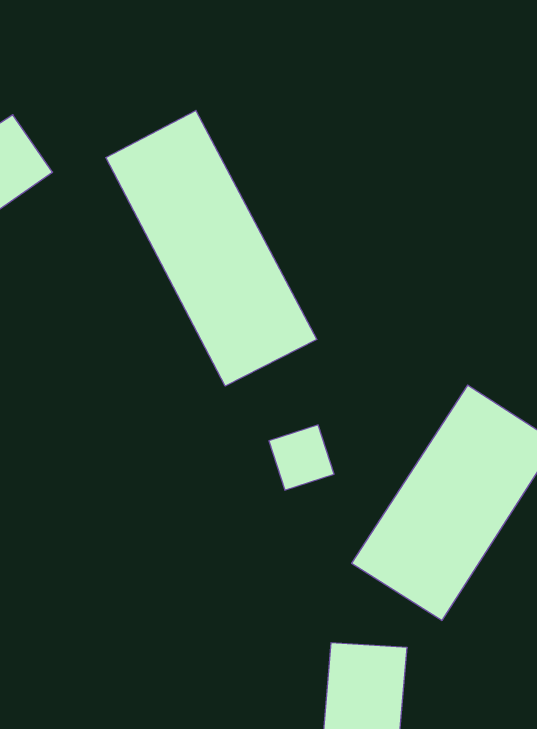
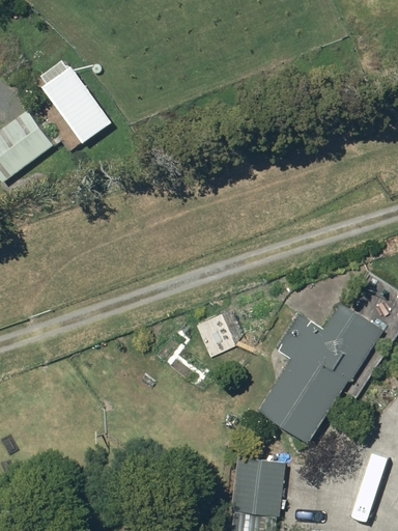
building: none -> [42,55,114,143]
building: [106,110,317,386] -> none

